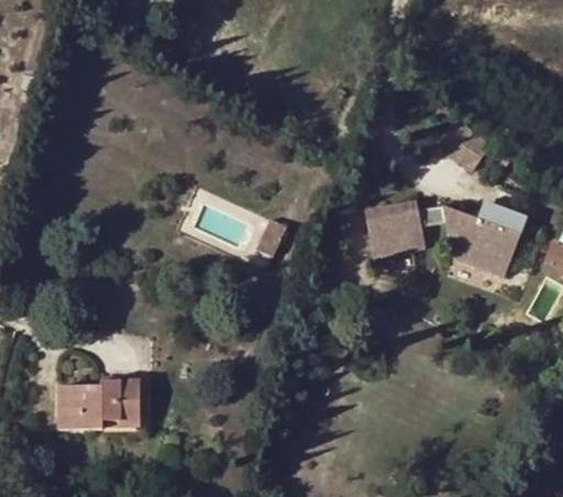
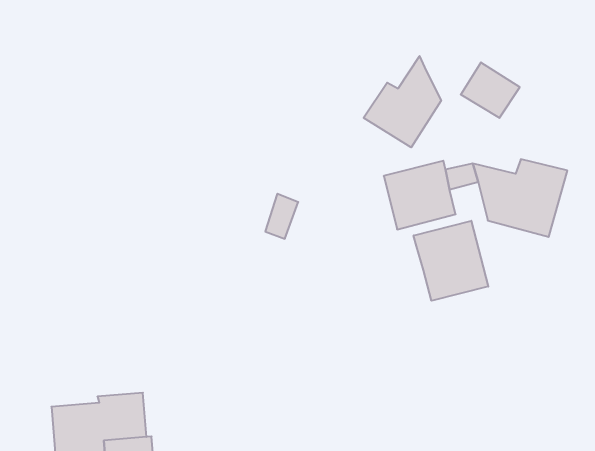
building: none -> [364,56,441,147]
building: none -> [414,221,488,301]

